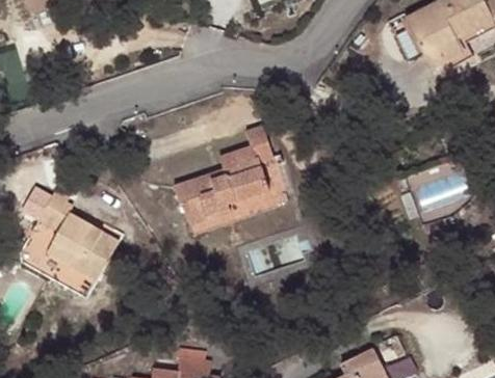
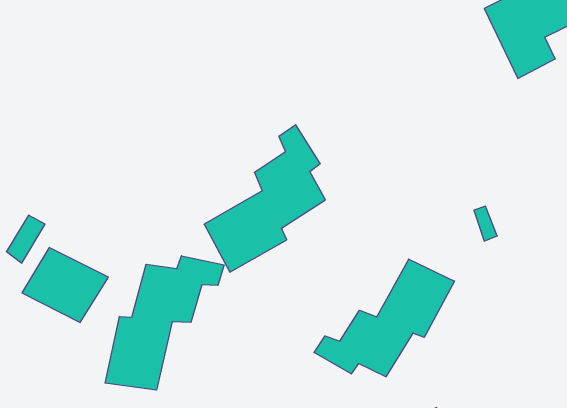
building: none -> [105,256,224,390]
building: none -> [314,259,455,377]

